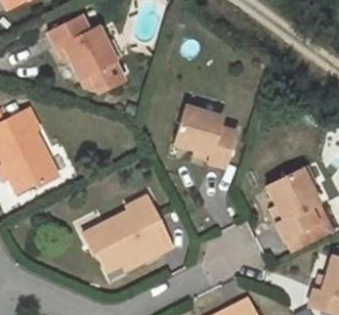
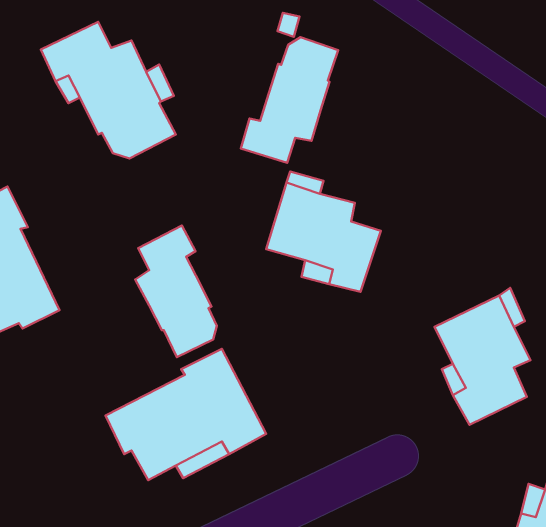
building: none -> [241,37,338,163]
building: none -> [135,225,217,357]

